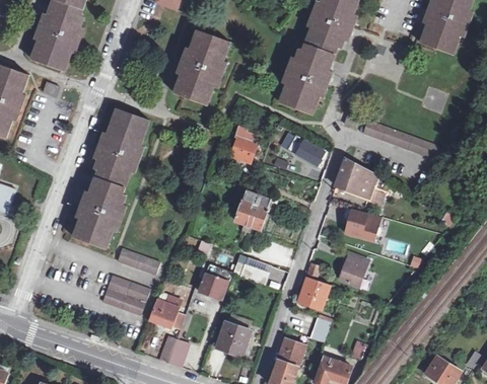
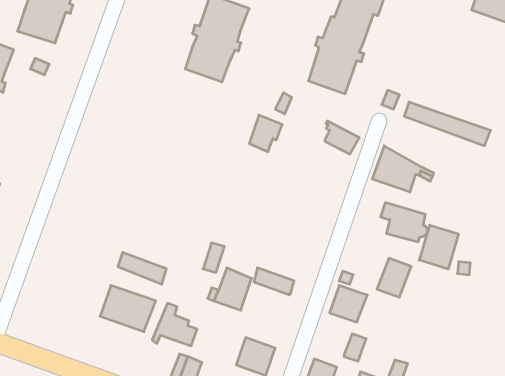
building: [73,107,149,250] -> none
building: [235,190,272,236] -> none
building: none -> [419,225,458,269]

